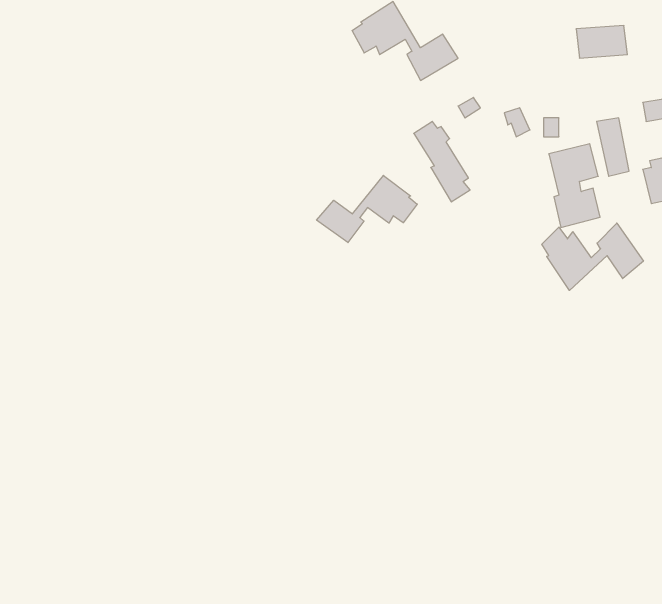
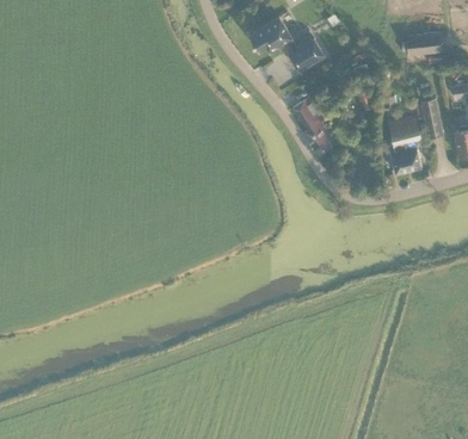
building: [317,175,417,243] -> none
building: [542,223,643,290] -> none

